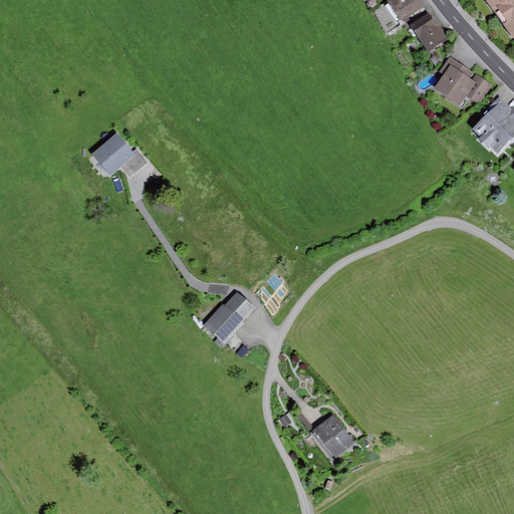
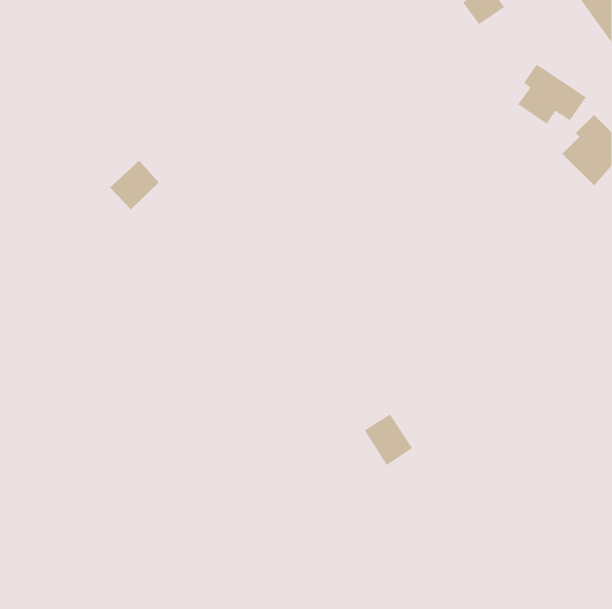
building: [410,12,447,50] -> none
building: [206,295,253,344] -> none
building: [313,415,354,459] -> [364,413,413,466]

